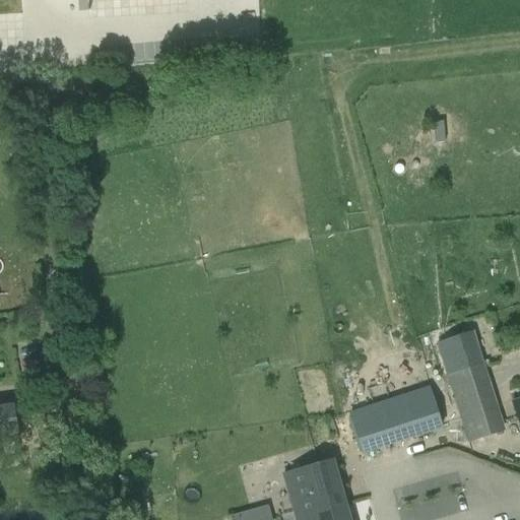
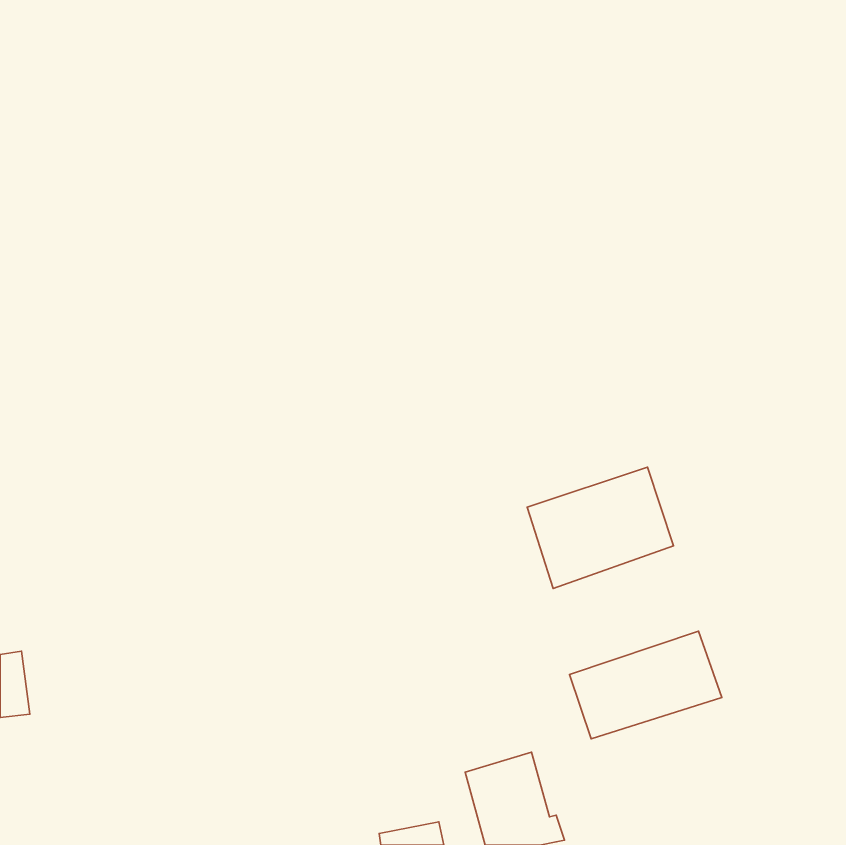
building: none -> [527,467,674,589]
building: [438,333,506,442] -> none

